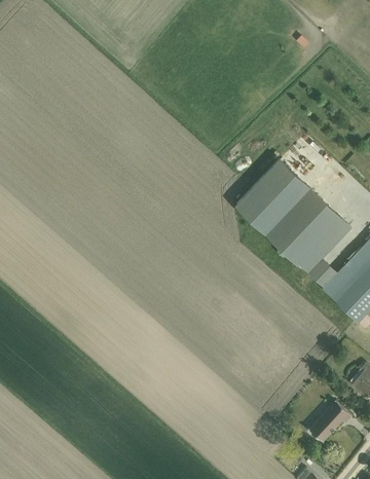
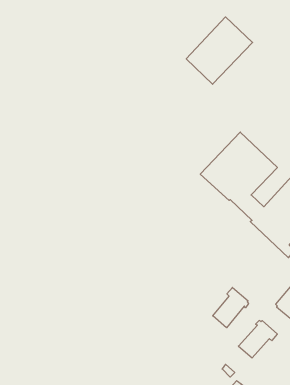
building: [235,159,310,235] -> [186,17,253,84]
building: none -> [213,287,248,328]

